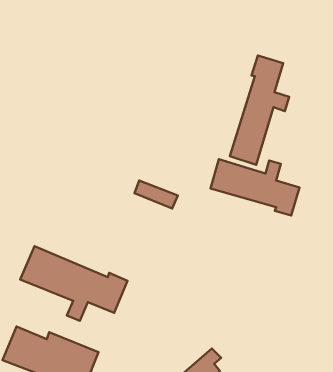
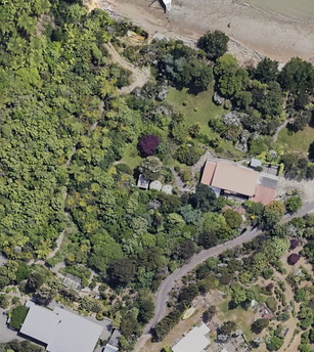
building: [230,55,289,165] -> none
building: [20,246,128,321] -> none

